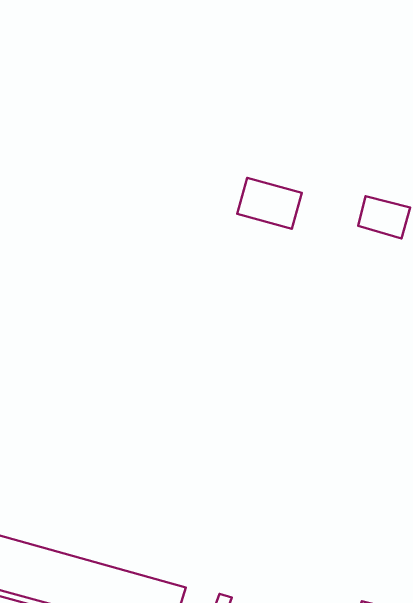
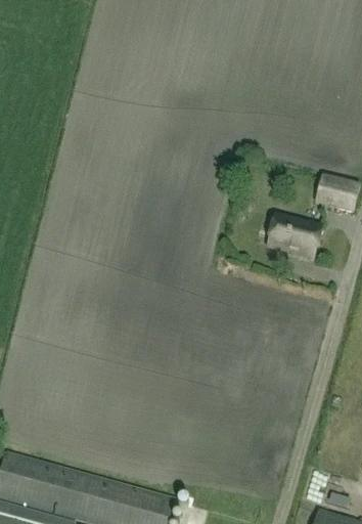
building: [237,178,302,229] -> [266,215,319,257]

